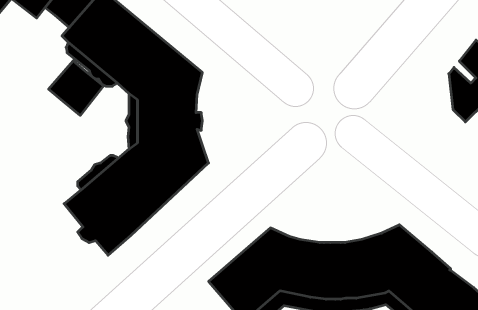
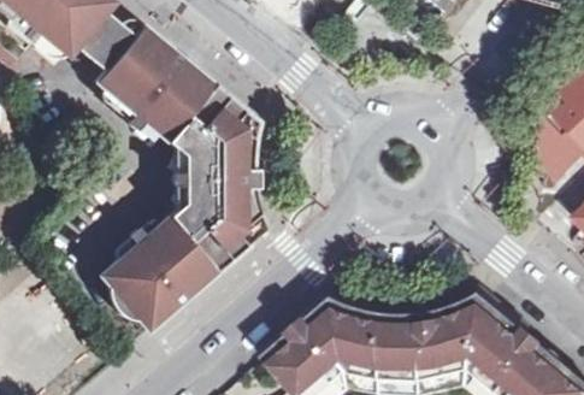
building: [49,61,103,115] -> none

